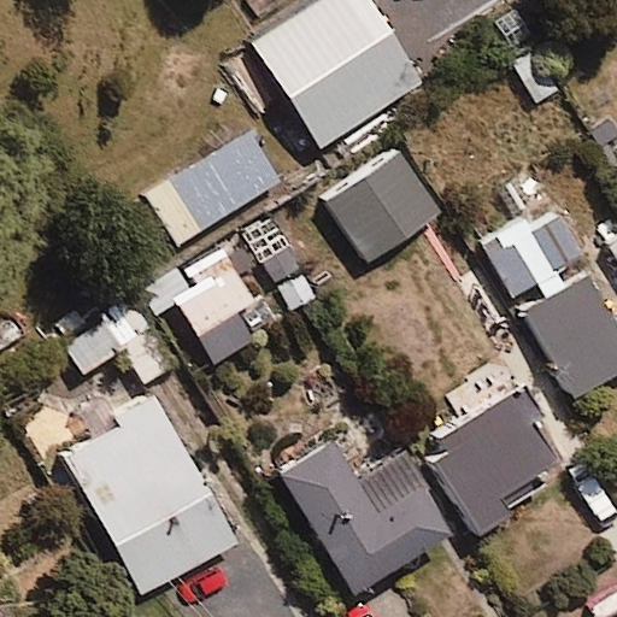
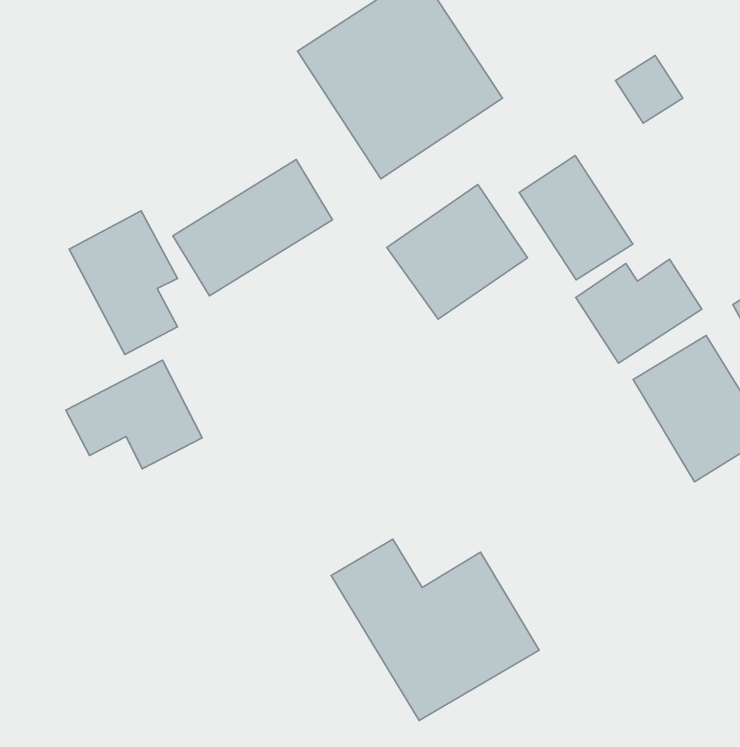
building: none -> [519,155,633,280]
building: [165,247,254,365] -> [69,211,178,355]
building: [59,389,236,598] -> none
building: [424,389,565,536] -> none

